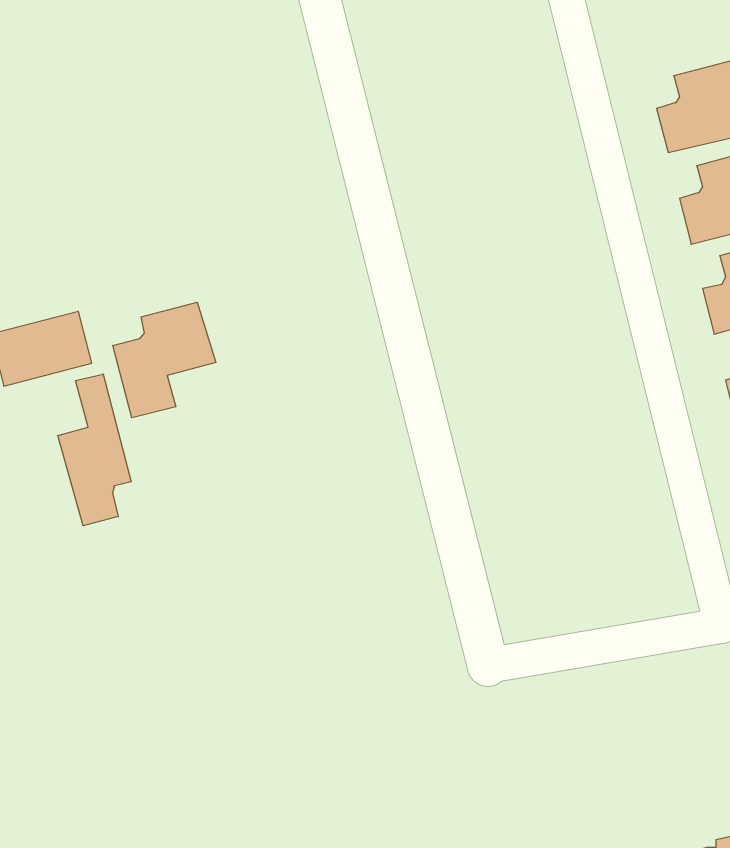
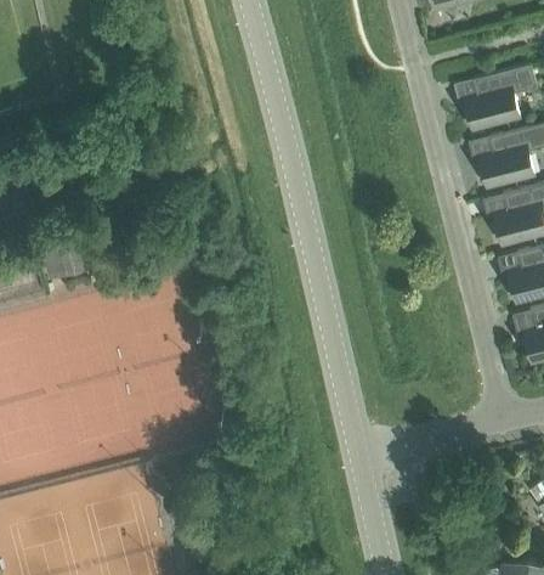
building: [113,302,216,418] -> none
building: [58,374,131,526] -> none

